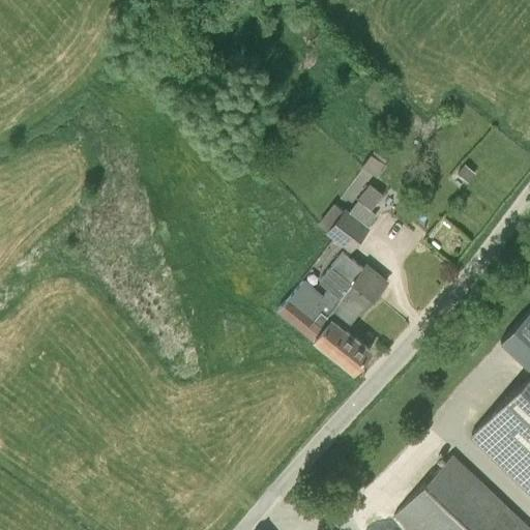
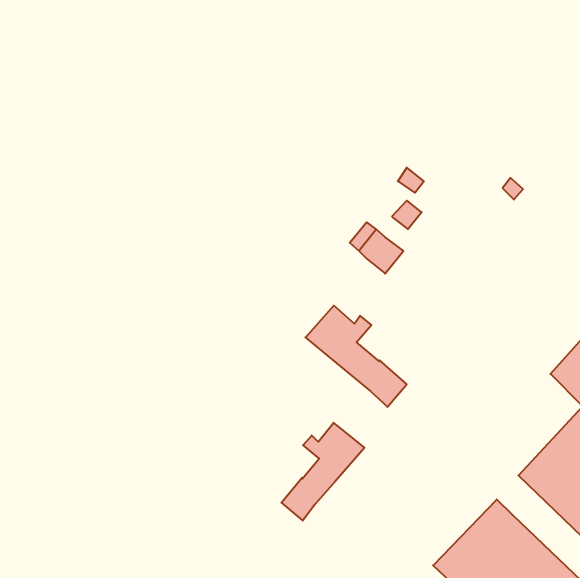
building: [320,254,388,332] -> none
building: none -> [281,423,364,521]

